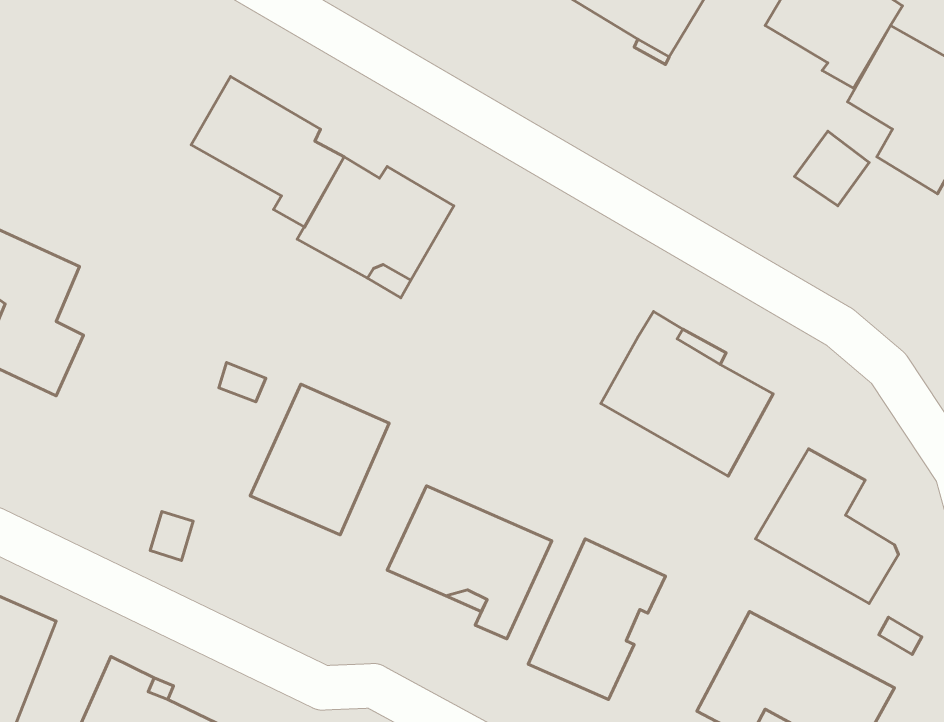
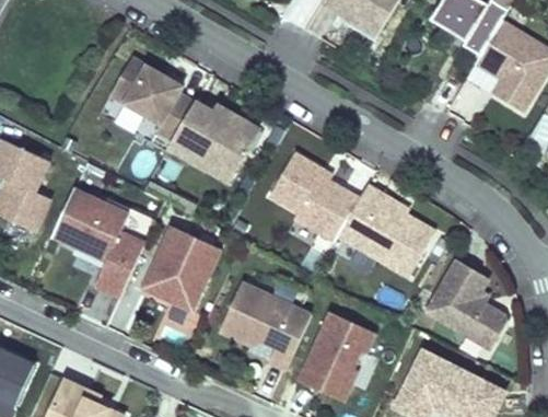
building: none -> [269,153,359,241]
building: none -> [51,187,144,294]

